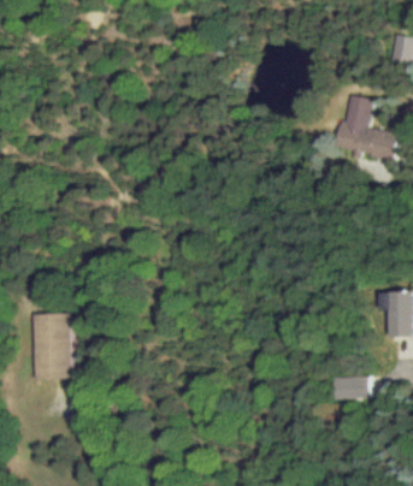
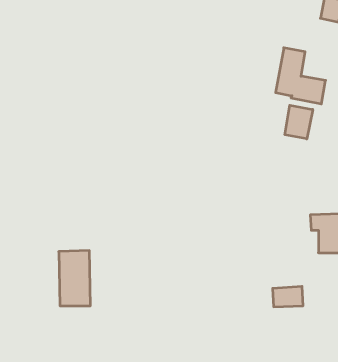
building: none -> [285,105,313,139]
building: [35,313,72,378] -> [59,251,90,306]

